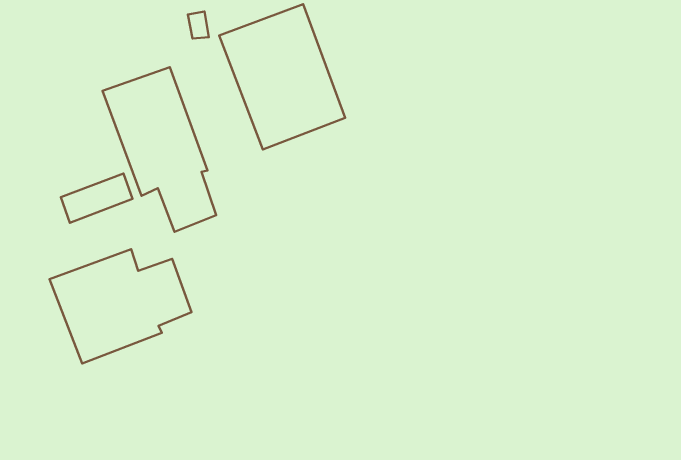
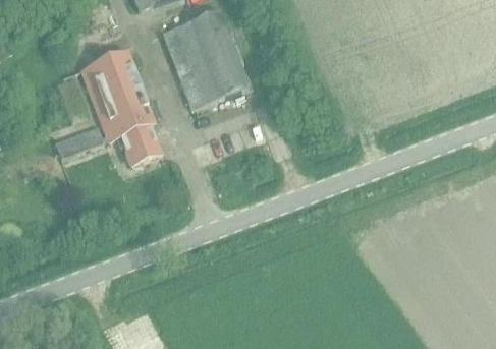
building: [50,249,192,363] -> none

